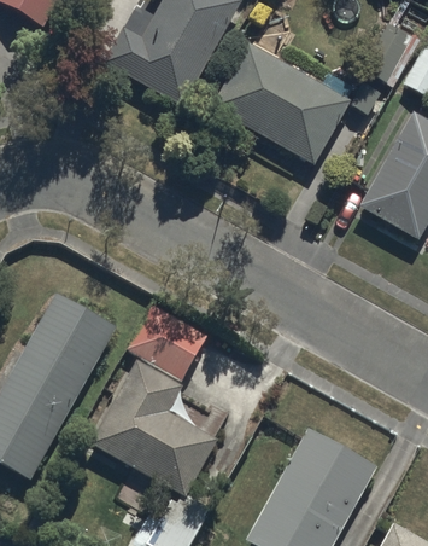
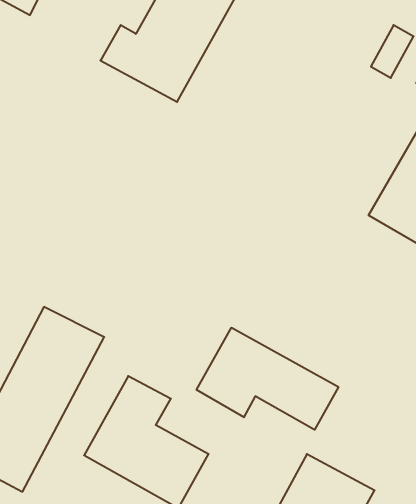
building: [215,46,351,168] -> none
building: [139,314,201,374] -> none
building: none -> [197,328,338,430]

